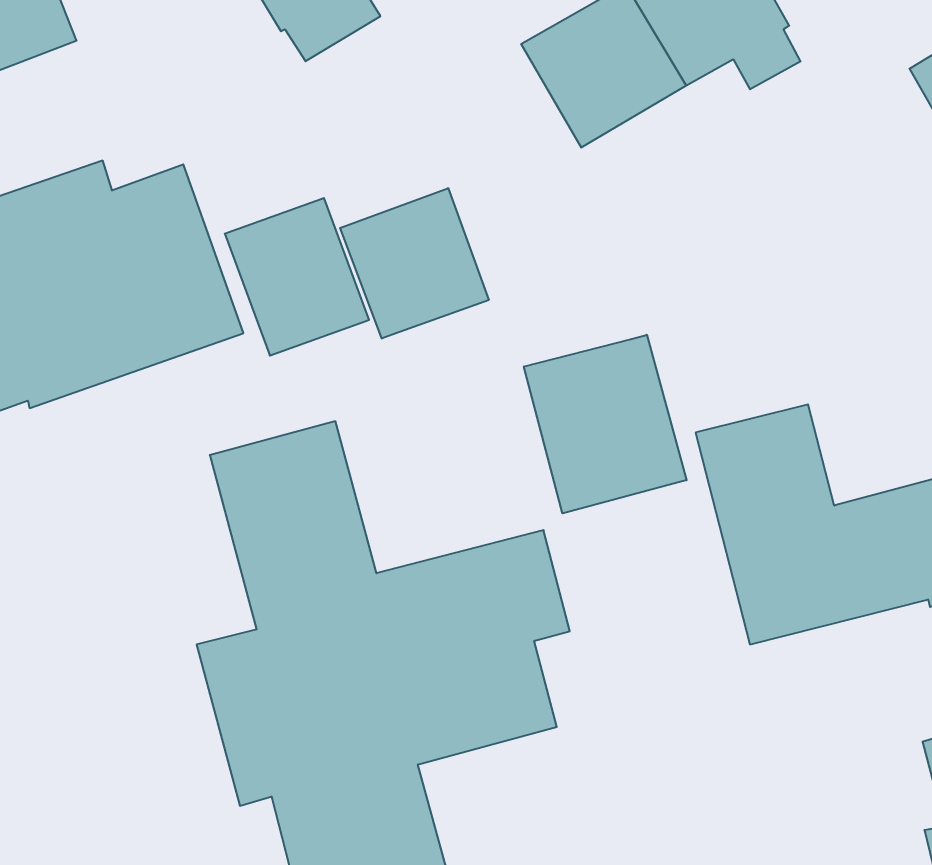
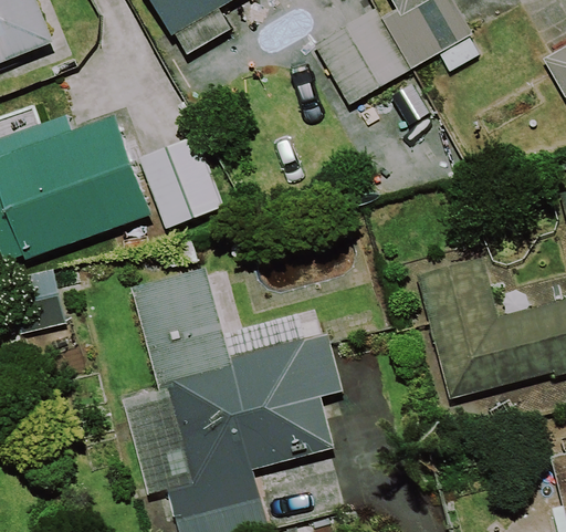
building: [340,188,489,339] -> none
building: [524,335,687,513] -> none

